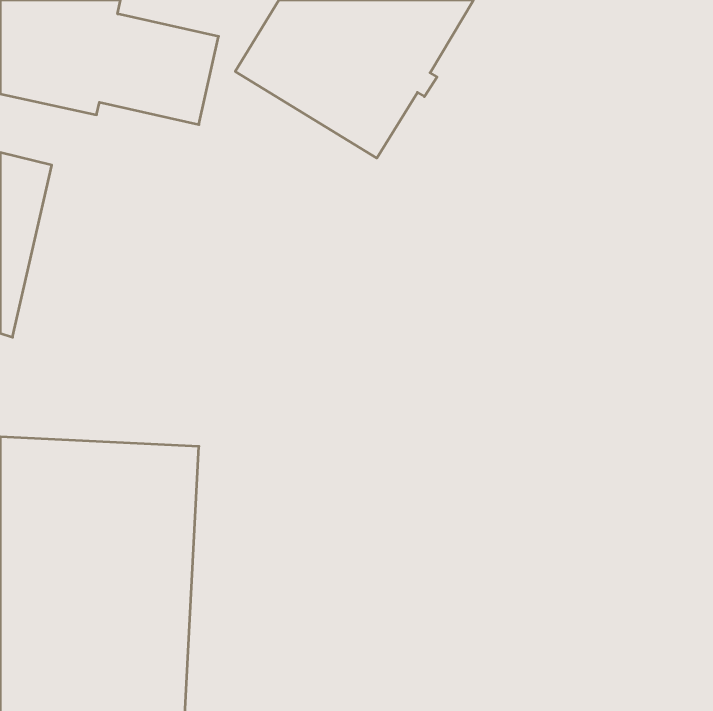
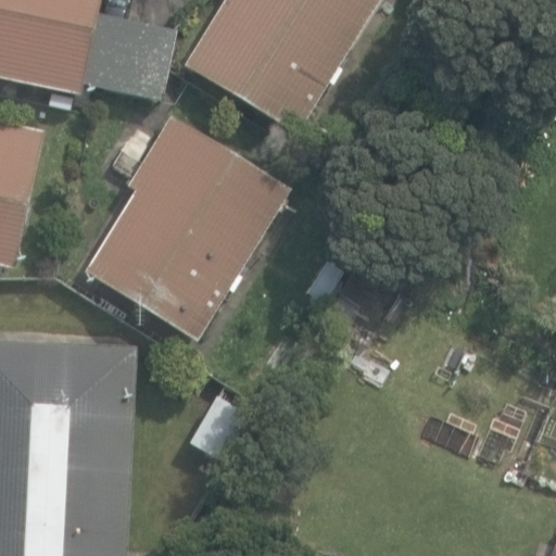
building: none -> [83,113,286,336]

